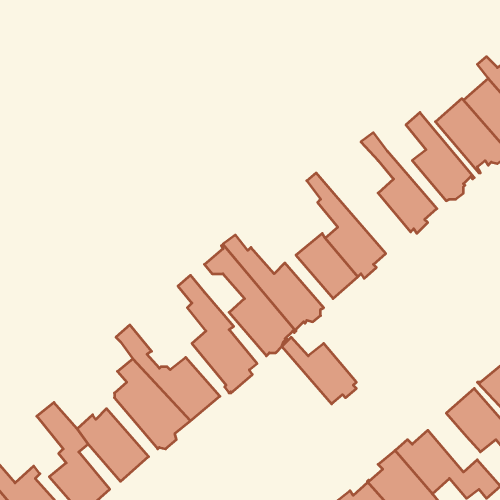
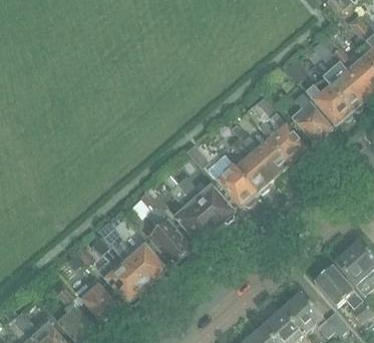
building: [282,337,356,404] -> [243,134,291,178]

